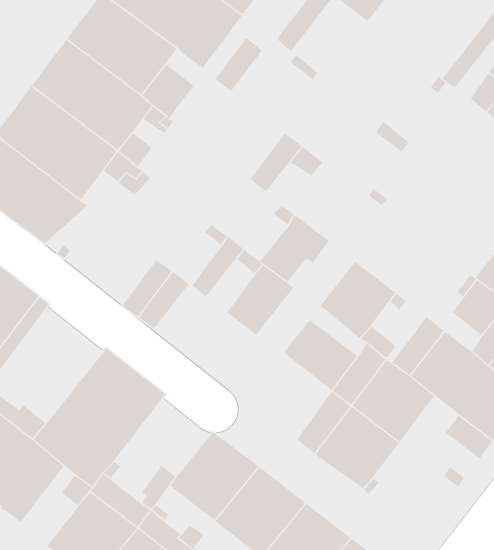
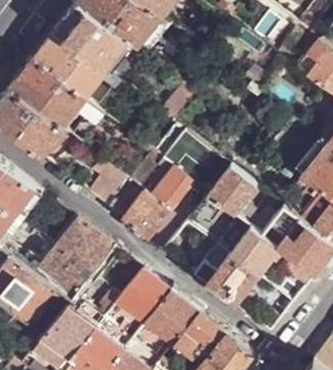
building: none -> [122,192,170,241]

